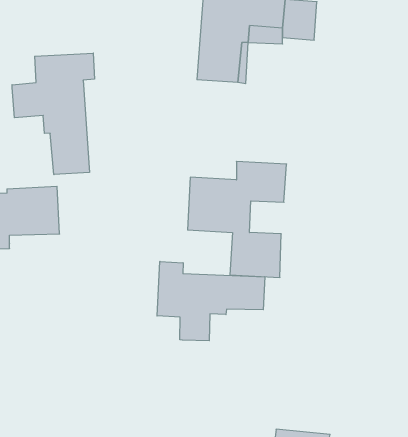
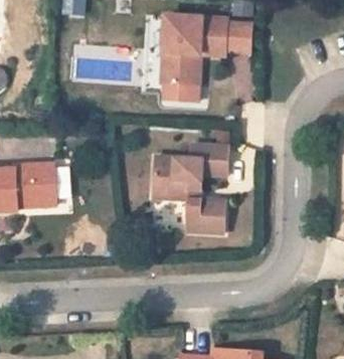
building: [12,53,94,175] -> none
building: [157,261,265,341] -> none

